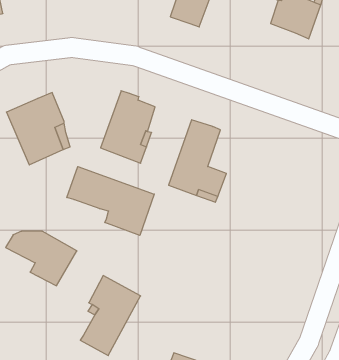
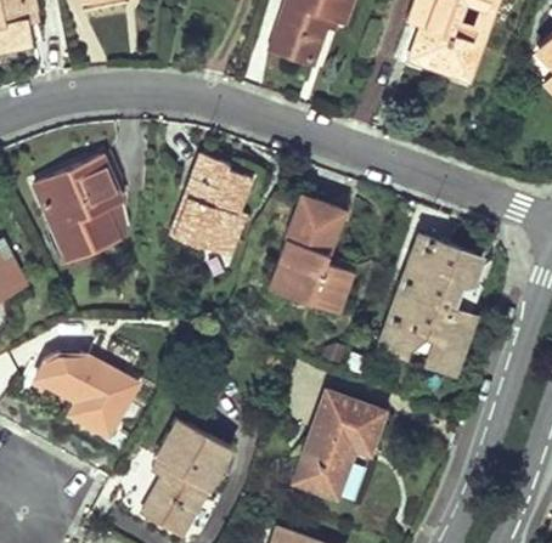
building: none -> [381,236,478,372]
building: [67,167,154,235] -> none
building: none -> [293,392,383,498]

